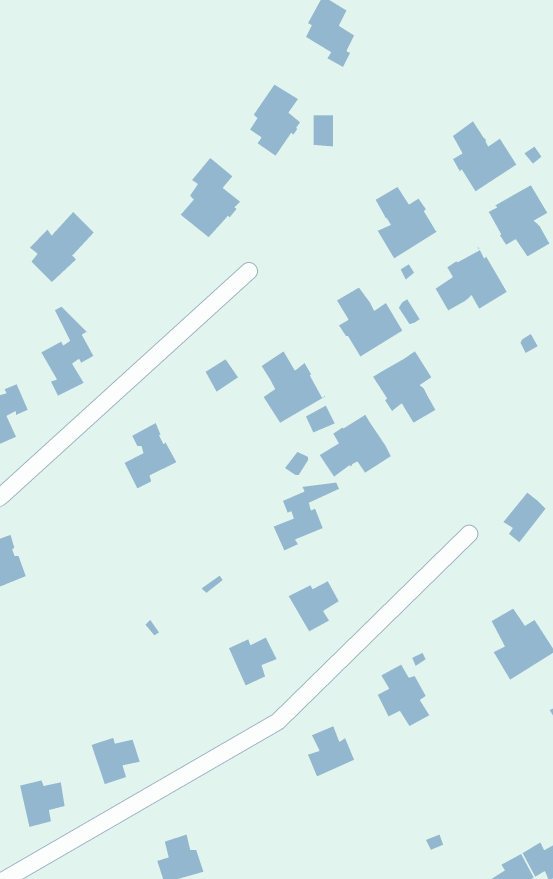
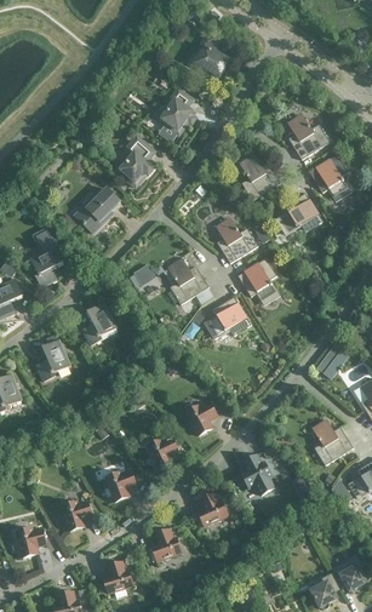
building: [29,211,94,283] -> [78,187,119,231]
building: none -> [35,338,69,381]
building: [272,482,340,552] -> none
building: none -> [104,470,136,501]
building: none -> [150,527,181,560]

